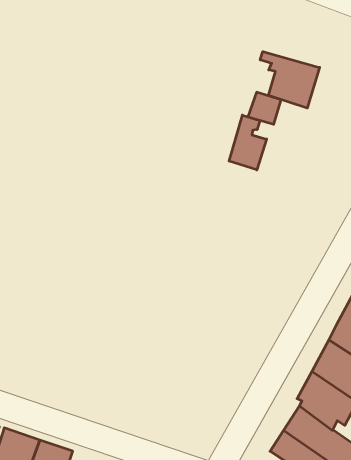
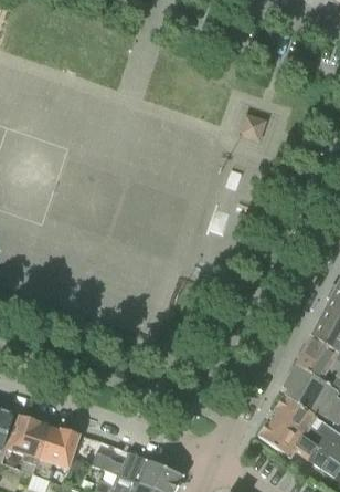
building: [260,52,320,108] -> none
building: [229,115,267,170] -> none

